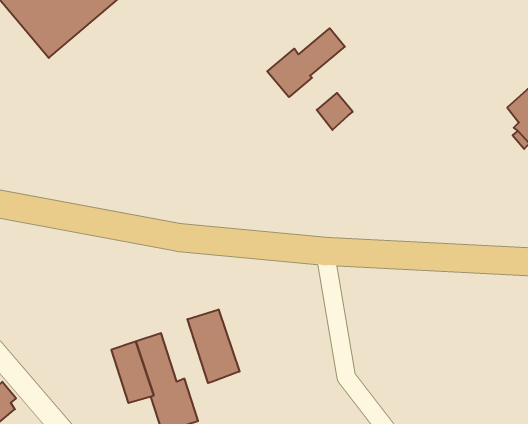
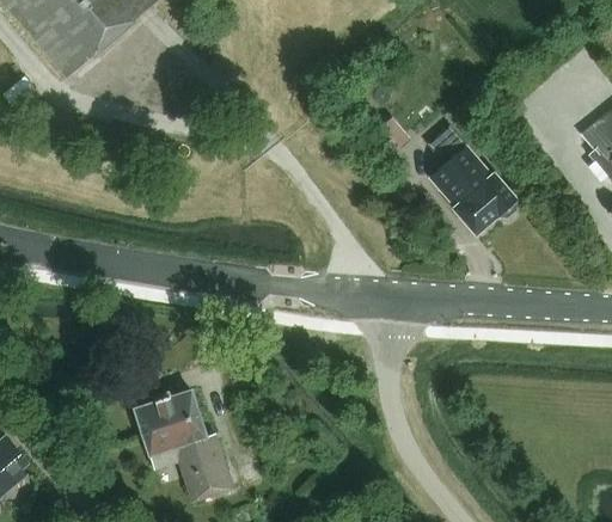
building: [267,28,345,97] -> none
building: none -> [424,128,516,234]
building: [187,309,240,383] -> none

